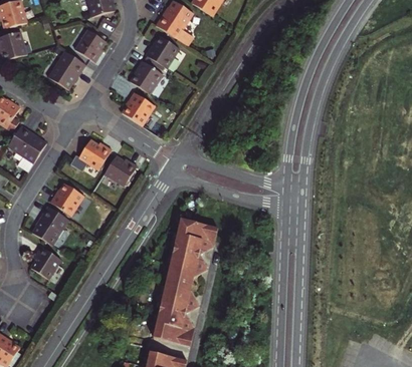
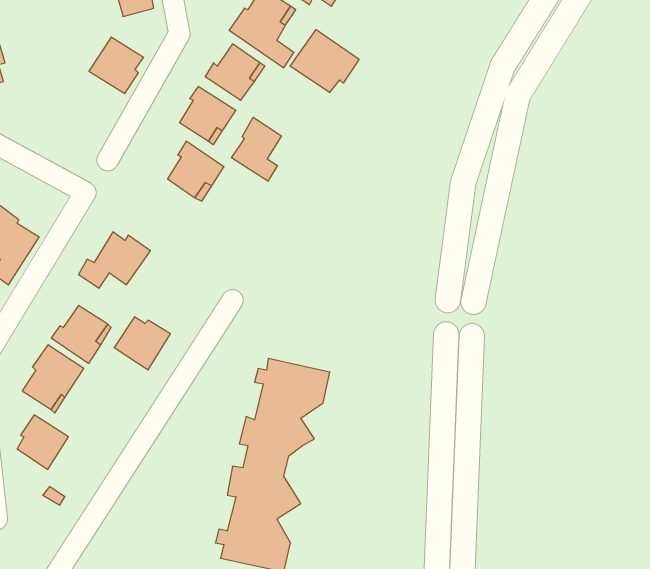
building: none -> [290,30,359,93]
building: [50,50,85,89] -> none
building: none -> [232,117,282,181]
building: [102,159,136,191] -> [114,317,170,370]

